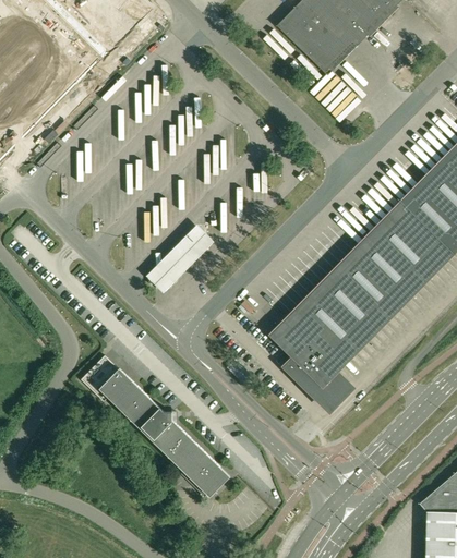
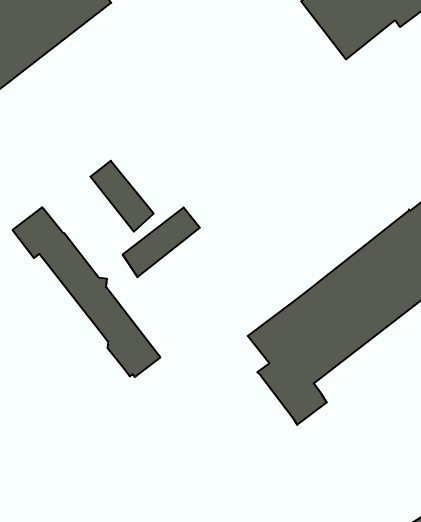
building: none -> [90,161,154,232]
building: [81,355,230,497] -> [13,207,160,377]

